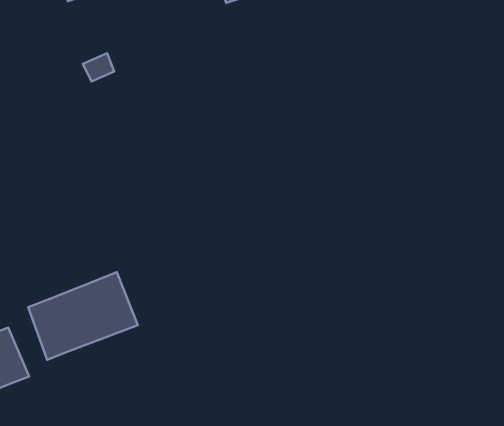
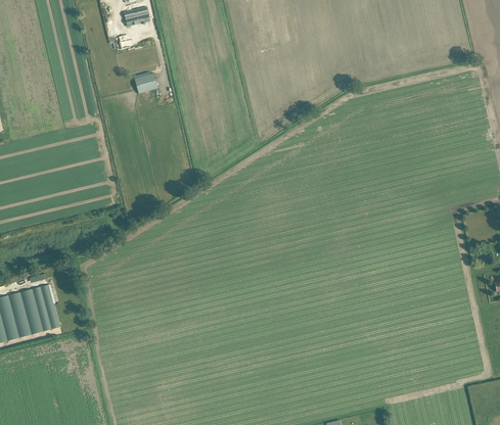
building: [28,272,138,360] -> none

